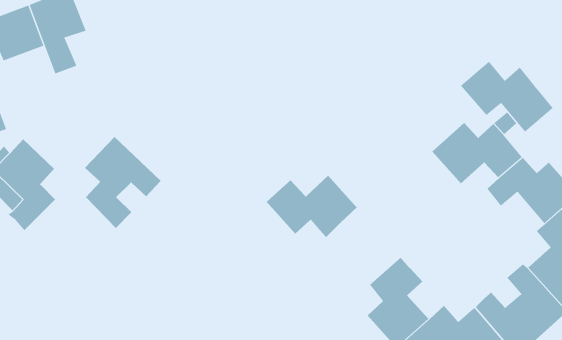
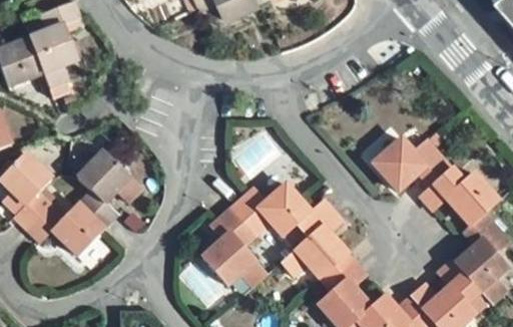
building: [460,61,554,133] -> none
building: none -> [281,200,347,278]
building: none -> [25,203,103,257]
building: none -> [201,207,267,287]

